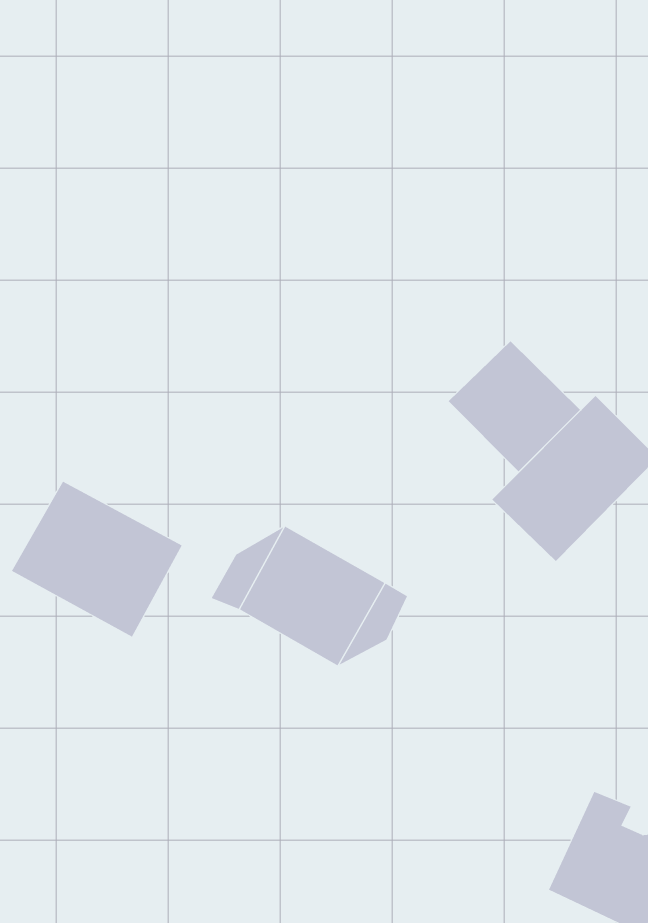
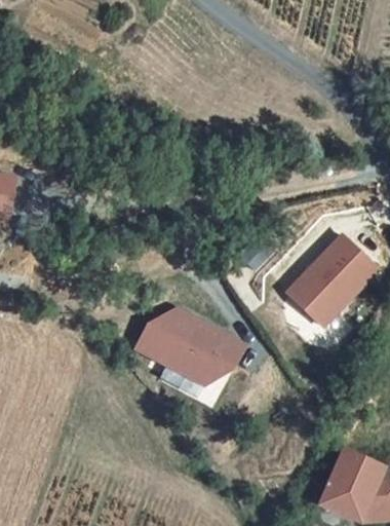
building: [448,341,581,472] -> none
building: [11,481,183,637] -> none

